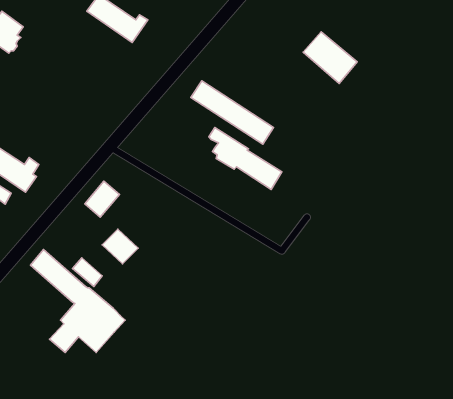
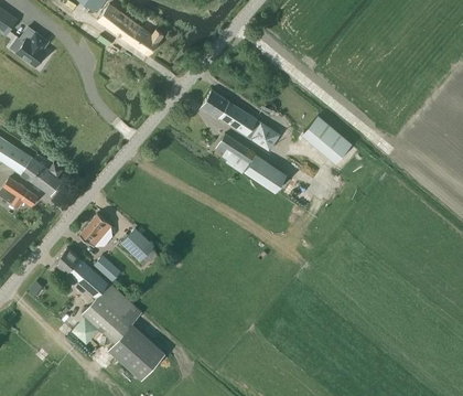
building: [303,32,357,83] -> [302,116,352,163]
building: [85,181,119,217] -> [80,213,112,246]
building: none -> [108,323,165,379]

